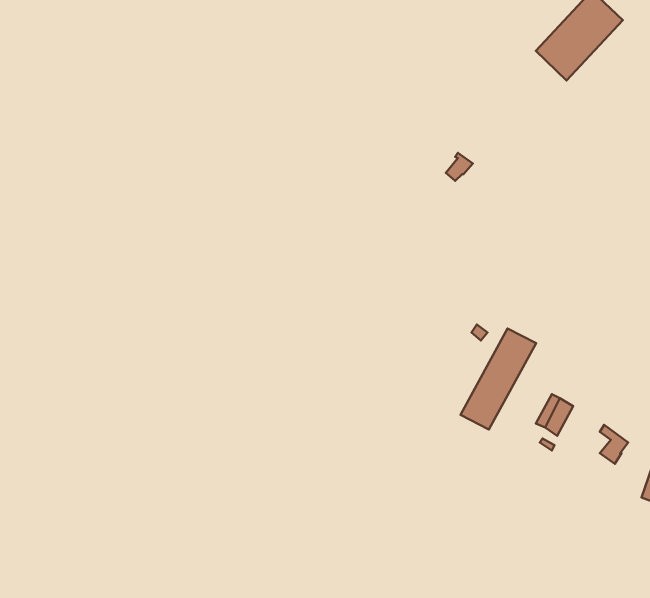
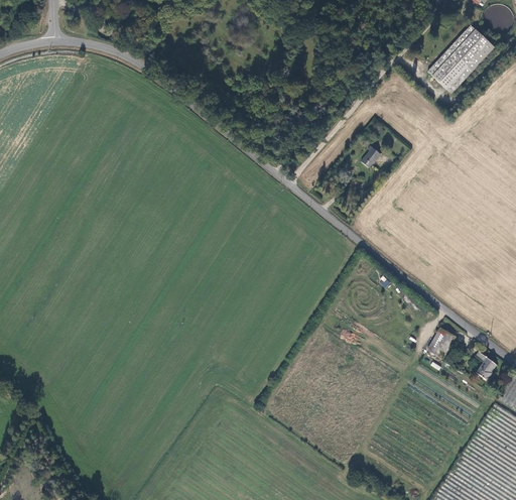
building: [460,328,536,430] -> none

